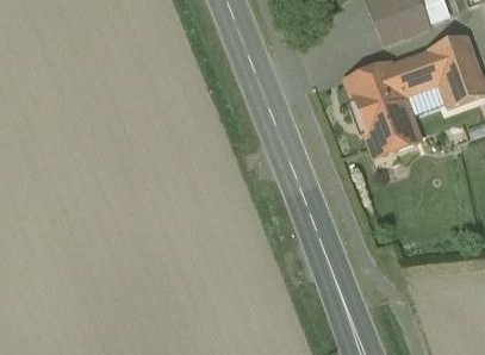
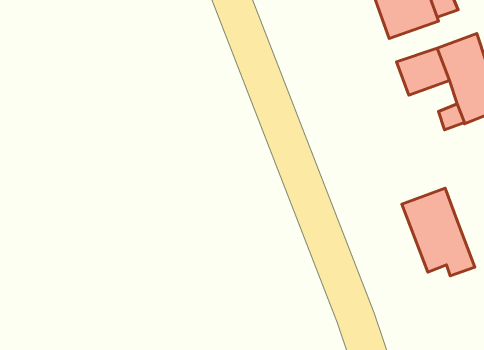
building: [348,63,418,148] -> [402,188,475,276]

